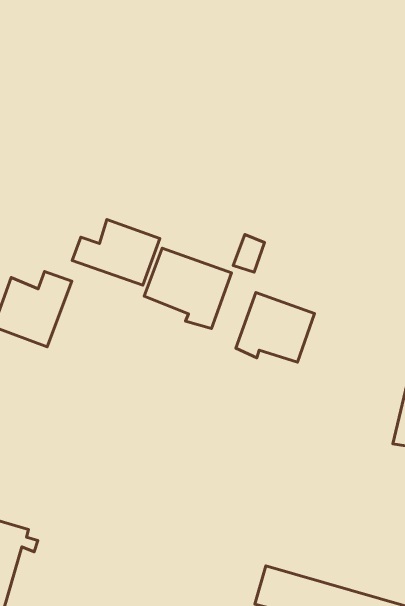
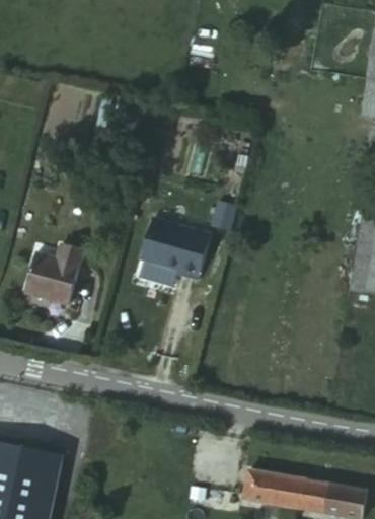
building: [72,219,160,285] -> none
building: [236,292,314,362] -> none

